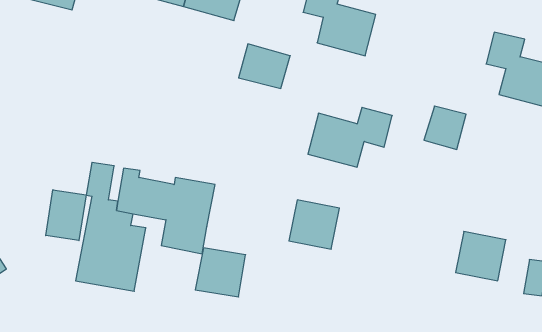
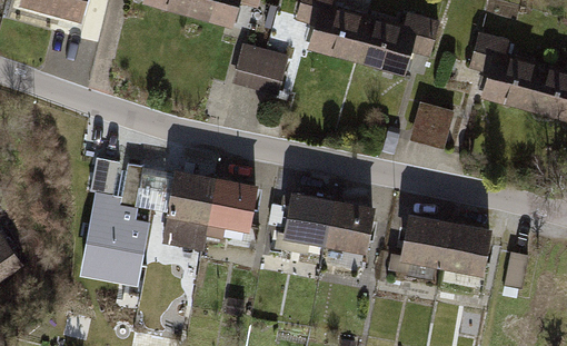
building: [308,107,392,167] -> [357,14,437,71]
building: [46,190,86,241] -> none
building: none -> [325,204,372,250]
building: none -> [402,218,450,265]
building: [195,248,246,297] -> [207,181,255,228]

